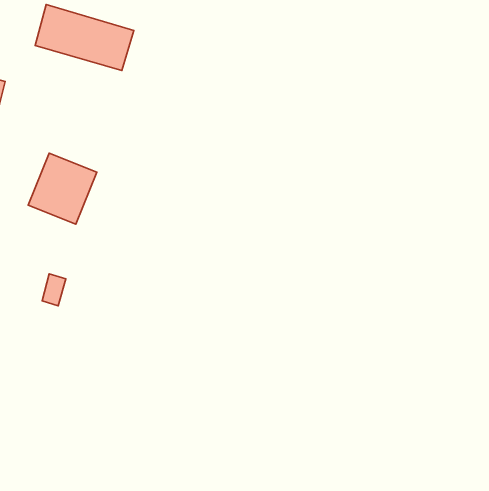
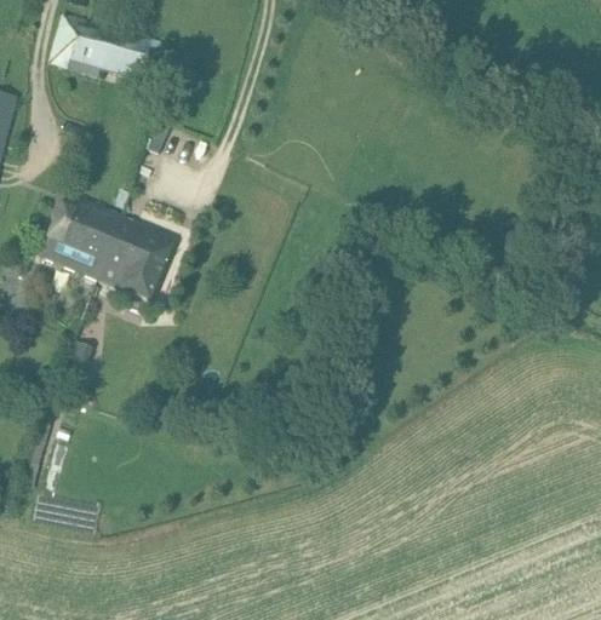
building: none -> [98,217,174,302]

